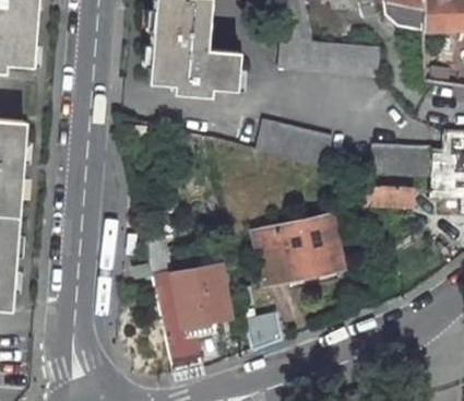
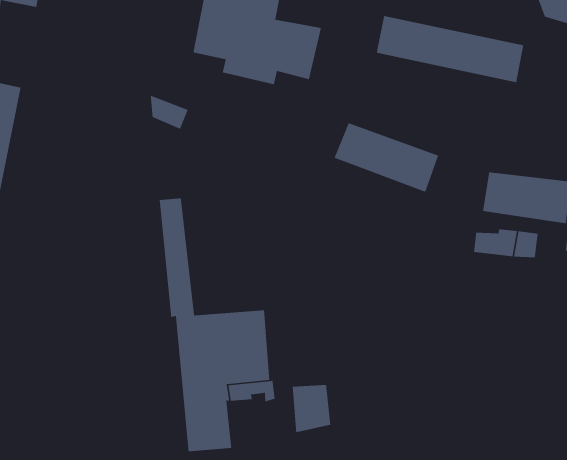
building: [258,216,346,283] -> none

